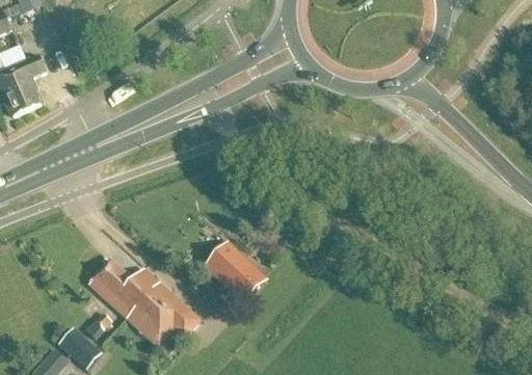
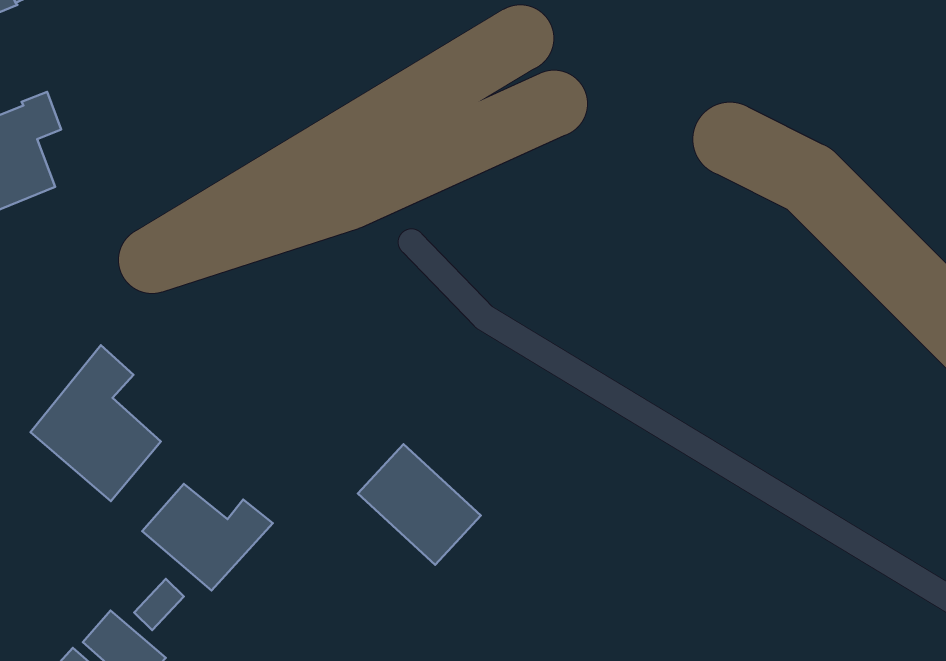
building: none -> [31,345,161,501]
building: [125,280,200,344] -> none

